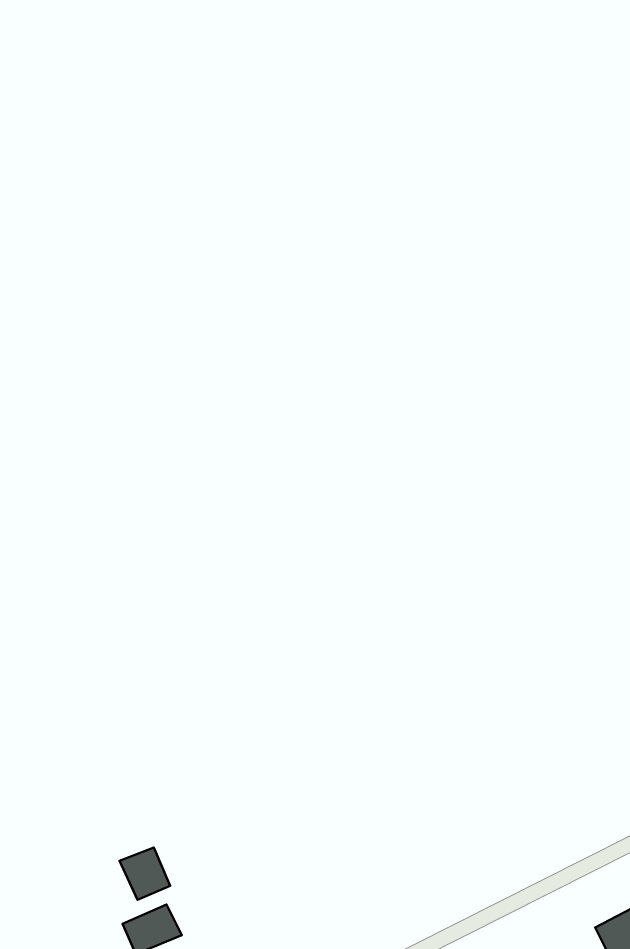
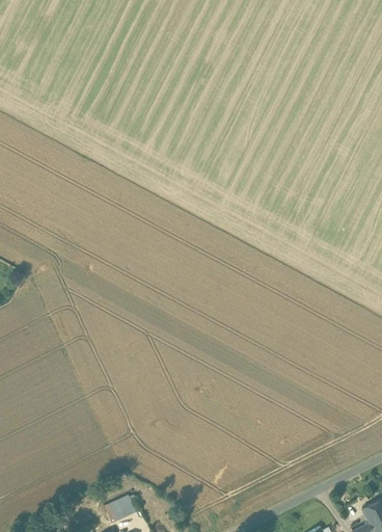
building: [120,848,170,900] -> none

